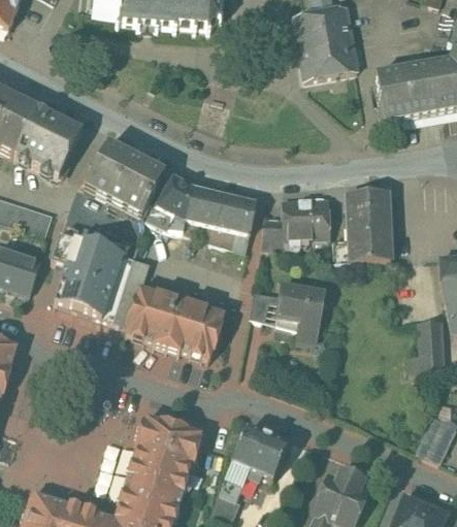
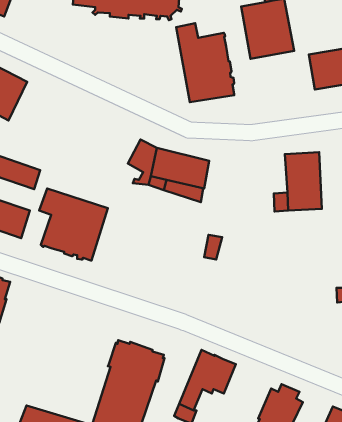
building: none -> [176,23,234,102]
building: [14,105,83,174] -> none
building: [85,141,165,215] -> none
building: [261,196,331,245] -> none
building: [115,257,224,360] -> none
building: [278,281,326,341] -> none

